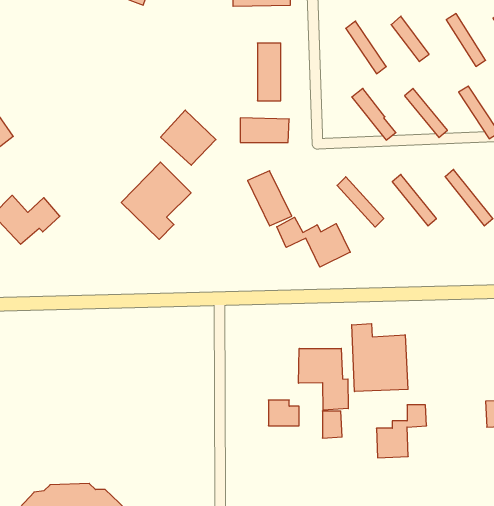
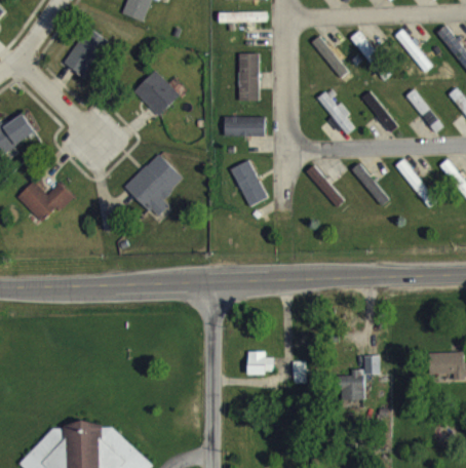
building: none -> [64,27,108,75]
building: [161,110,216,165] -> [133,69,180,115]
building: [277,217,350,267] -> none
building: [352,324,408,392] -> none
building: [299,348,348,410] -> none

